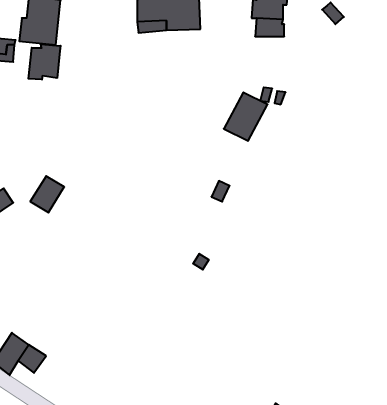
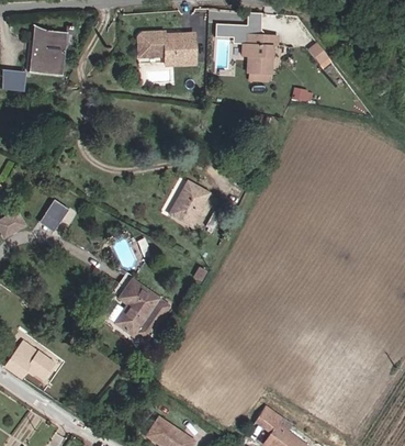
building: [28,44,61,80] -> none
building: [224,92,268,141] -> [169,172,209,216]
building: none -> [115,278,169,336]

